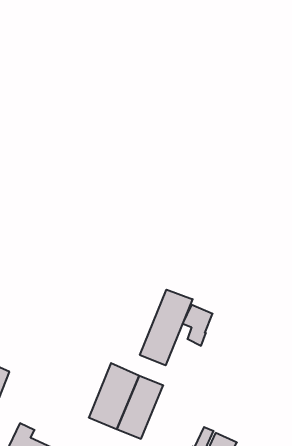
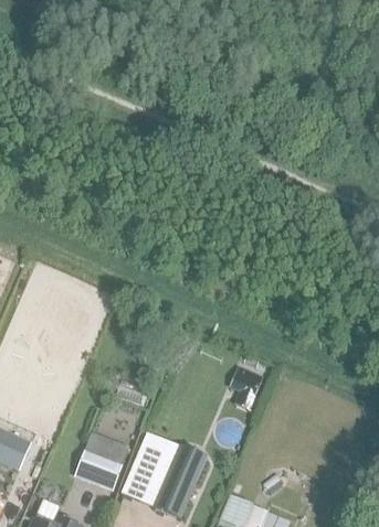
building: [140,290,193,365] -> none
building: none -> [75,445,123,490]

